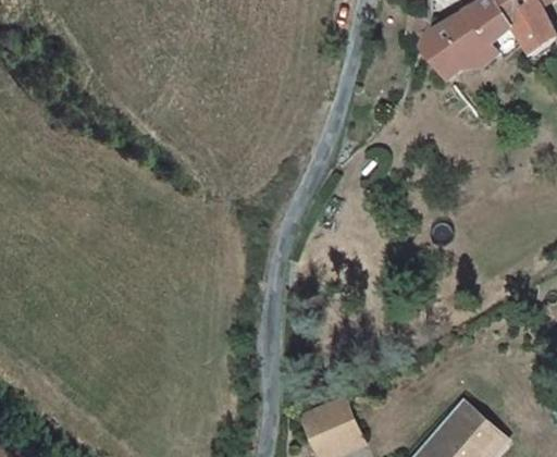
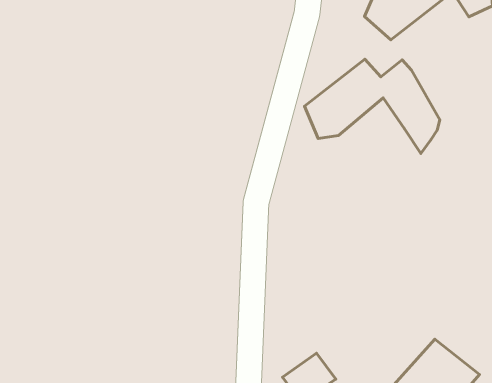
building: none -> [305,59,440,153]

